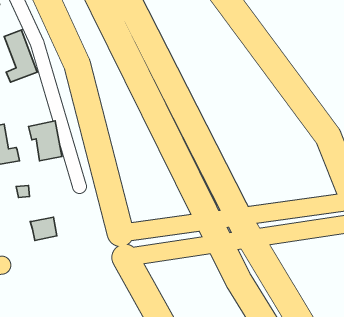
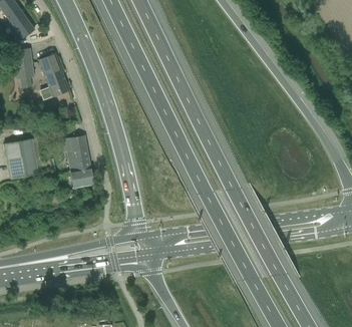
building: [30,217,57,240] -> [69,167,93,188]

